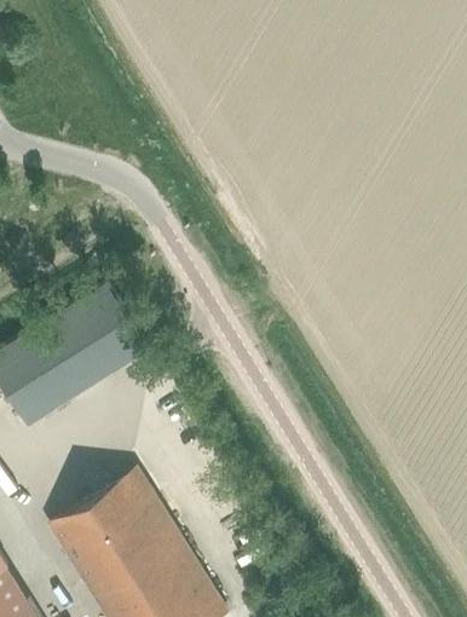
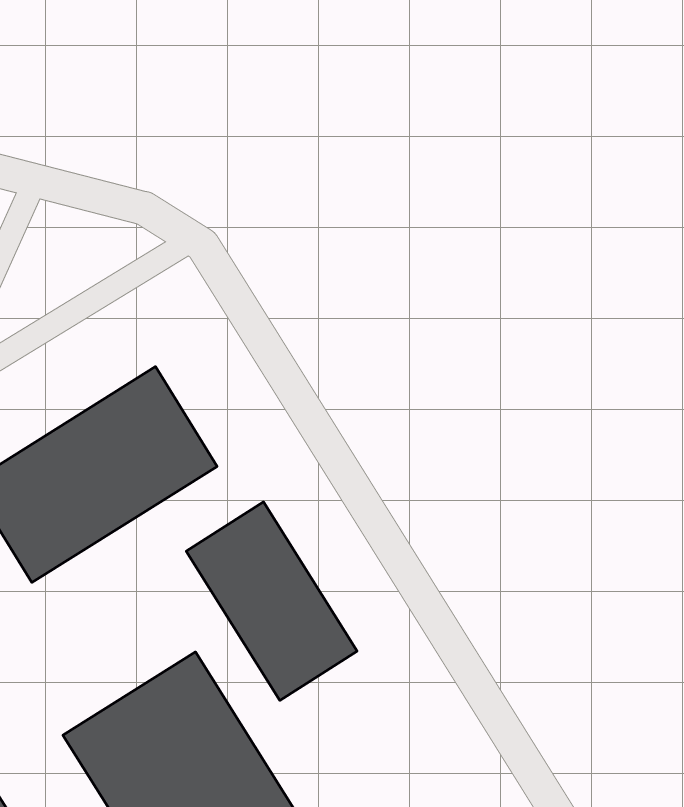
building: none -> [186,502,357,700]

